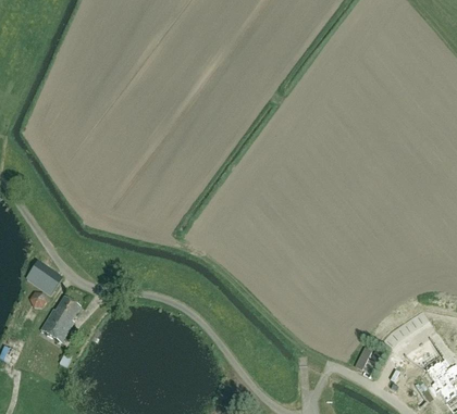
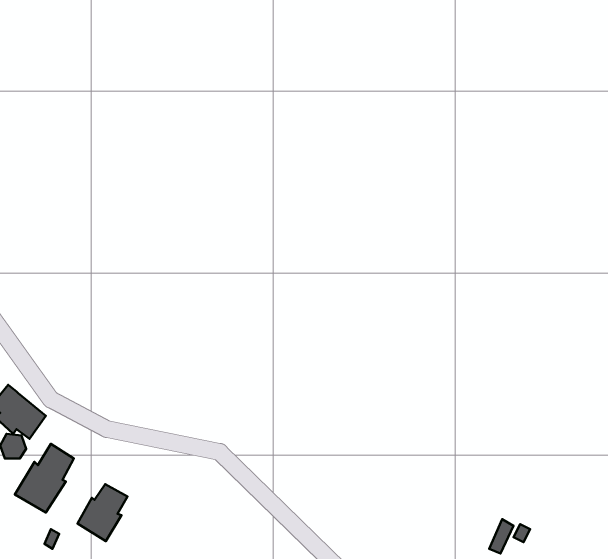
building: none -> [77,484,128,541]

